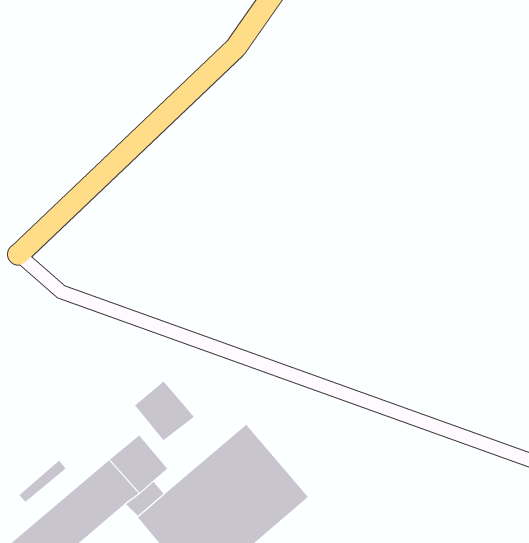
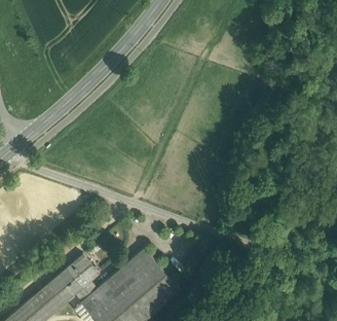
building: [134,380,195,441] -> none

